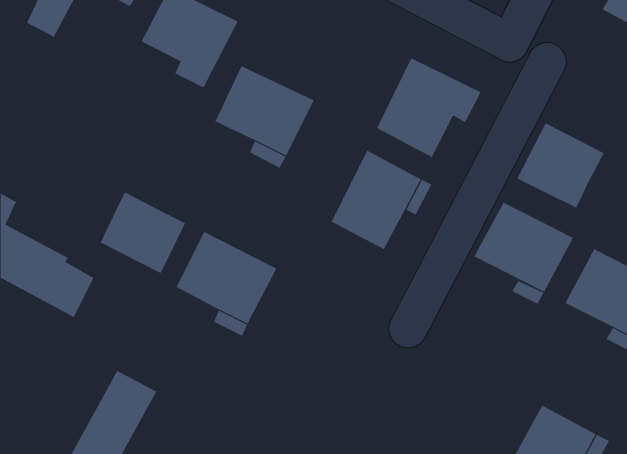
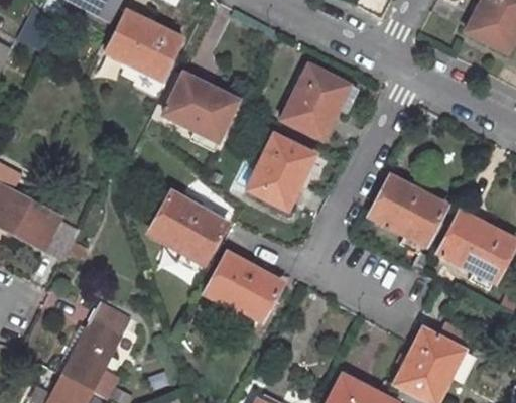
building: [516,123,605,208] -> none
building: [100,192,186,274] -> none
building: none -> [203,251,278,325]

